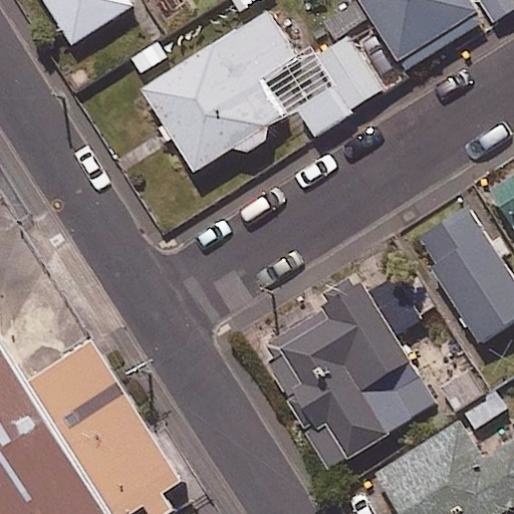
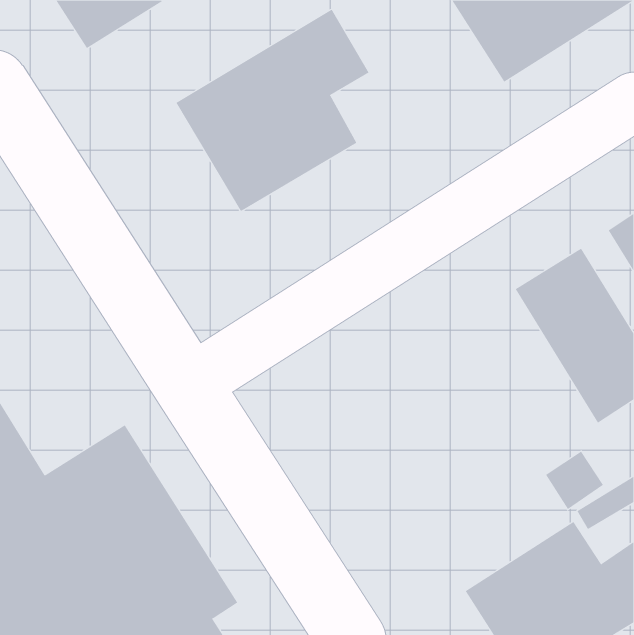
building: [288,36,381,138] -> none
building: [257,267,436,467] -> none

